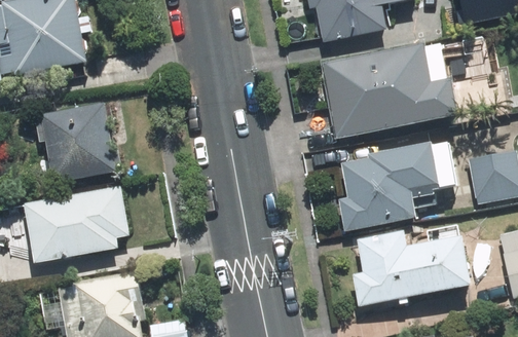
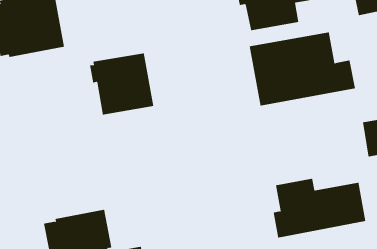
building: [35,103,118,183] -> [89,53,154,115]
building: [338,143,441,231] -> none
building: [24,186,131,263] -> none

